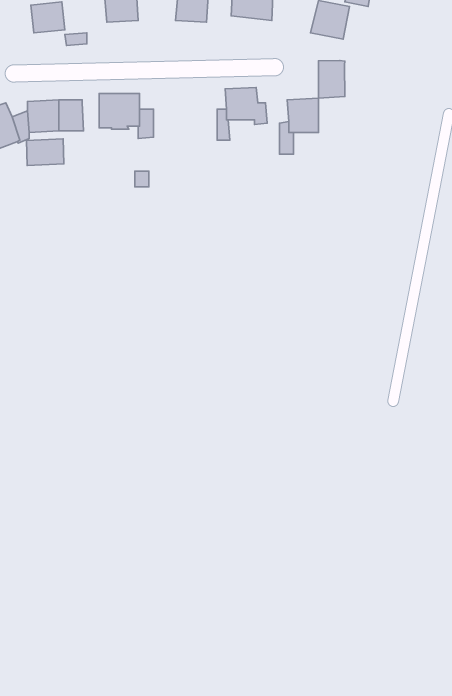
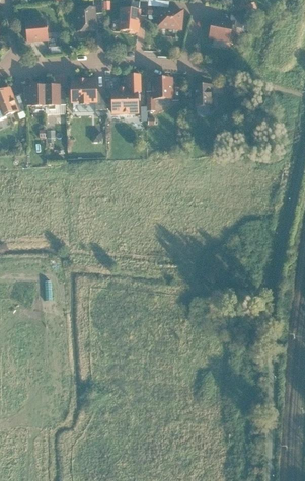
building: [318,61,345,98] -> none
building: none -> [111,72,140,112]
building: [26,139,64,166] -> none

